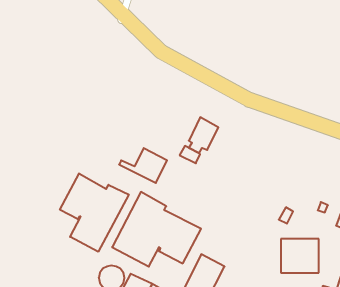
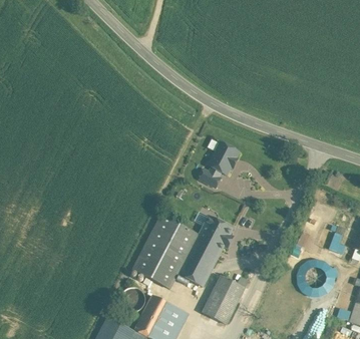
building: [119,148,167,183] -> [186,218,233,252]
building: [60,173,129,252] -> none

